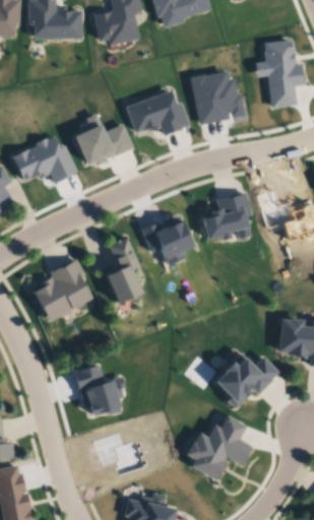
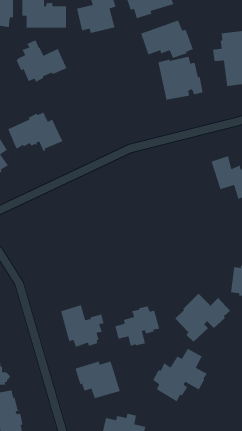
building: [126,89,190,136] -> [140,19,194,59]
building: [72,113,134,165] -> [15,39,68,83]
building: [199,191,250,240] -> none
building: [140,219,194,266] -> none
building: [106,237,143,304] -> none
building: [35,257,93,321] -> none
building: none -> [114,305,160,347]

